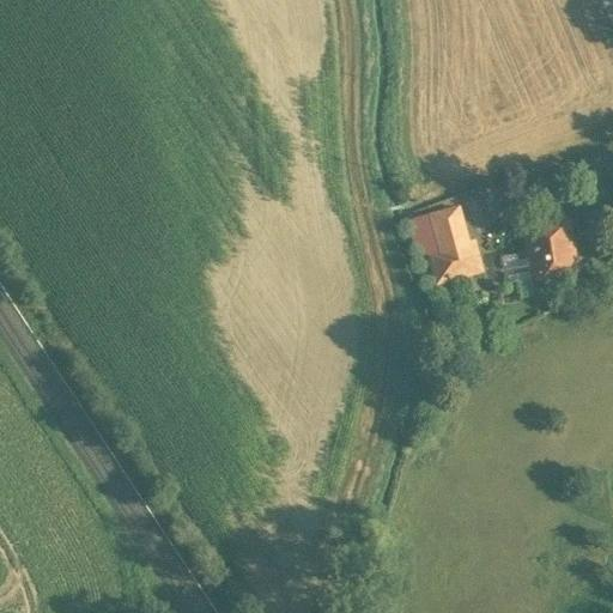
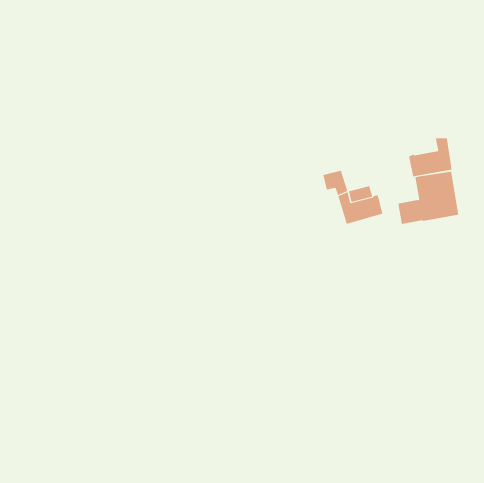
building: none -> [408,137,452,177]
building: [432,206,468,241] -> none

